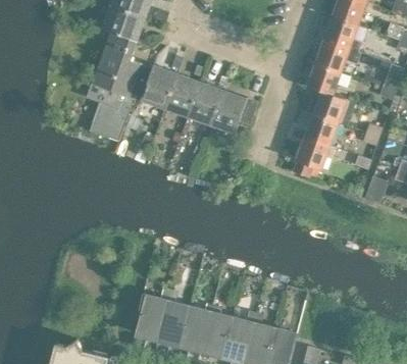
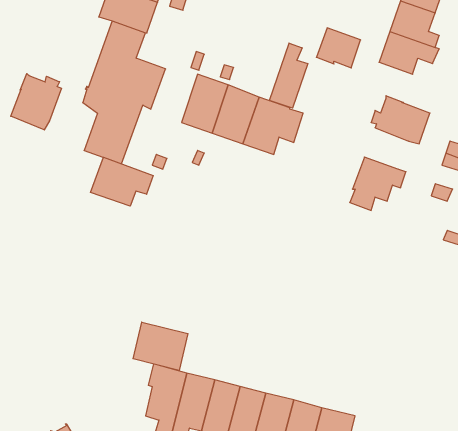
building: none -> [269,43,308,108]
building: [307,62,341,93] -> [316,28,361,68]
building: [140,63,176,108] -> none
building: none -> [11,74,61,130]
building: [304,112,338,144] -> none
building: none -> [90,157,153,206]
building: none -> [133,322,188,370]

